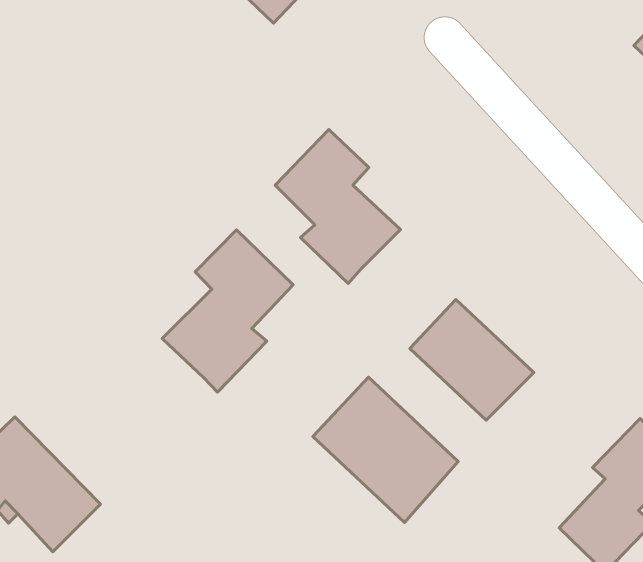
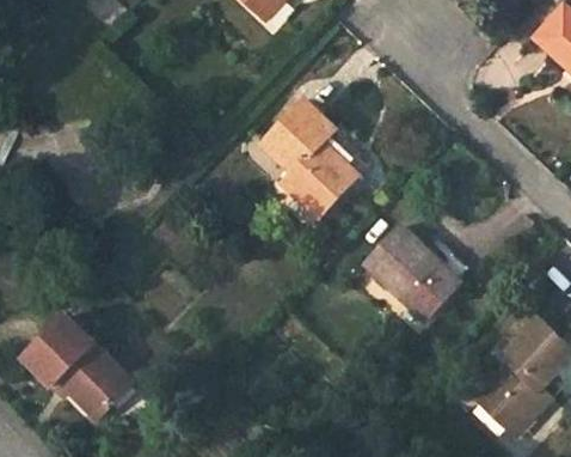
building: [162,230,293,392] -> none
building: [313,377,458,522] -> none

